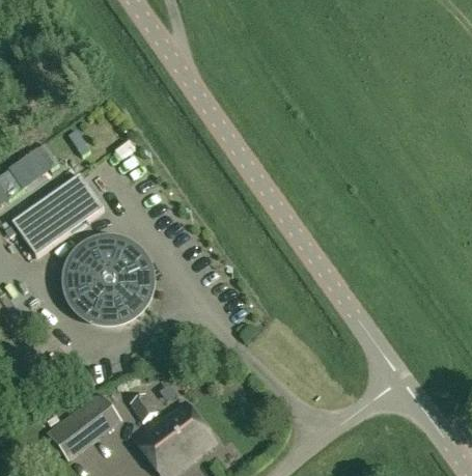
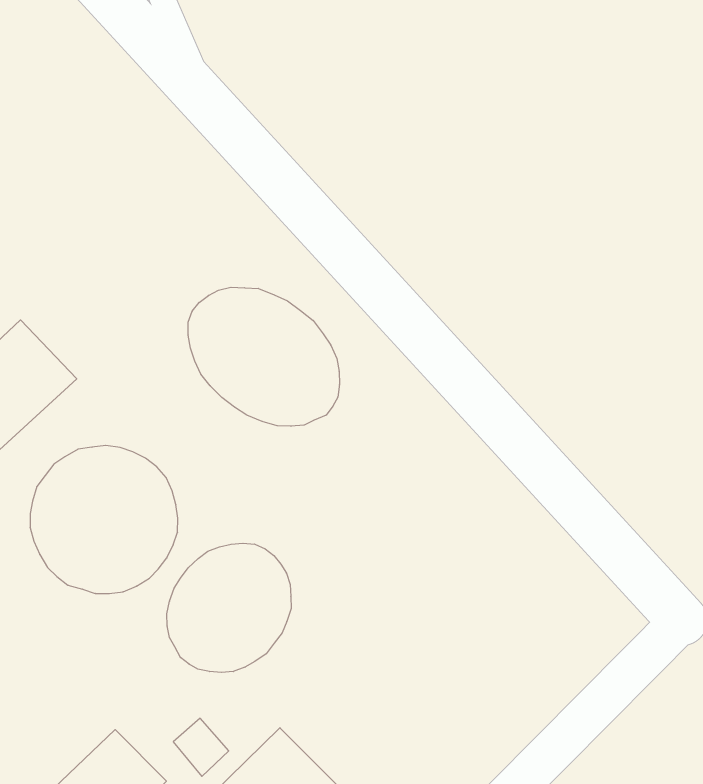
building: none -> [188,287,339,426]
building: none -> [167,543,291,672]

